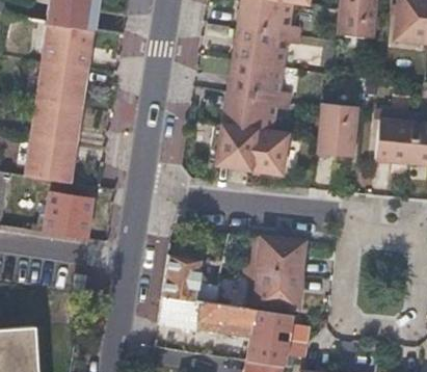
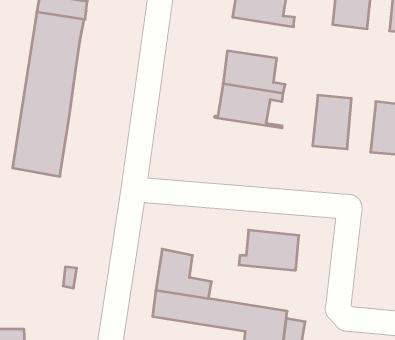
building: [234,27,299,68] -> none
building: [215,126,288,175] -> none
building: [32,193,91,238] -> none
building: [244,271,301,315] -> none

